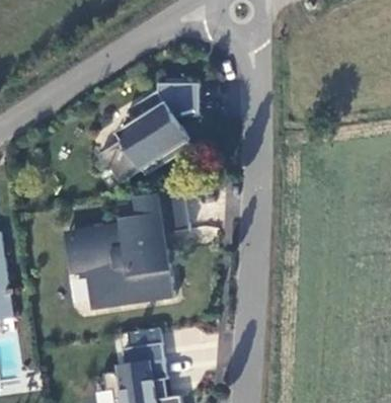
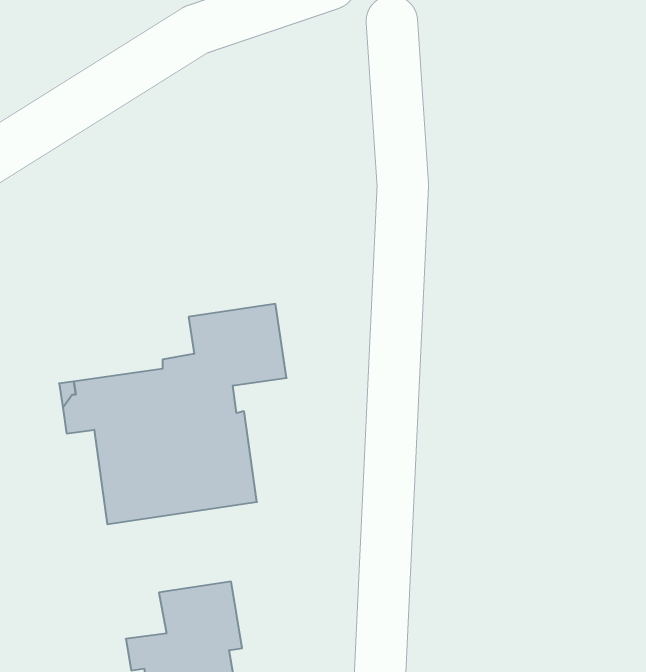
building: [95,77,198,182] -> none

